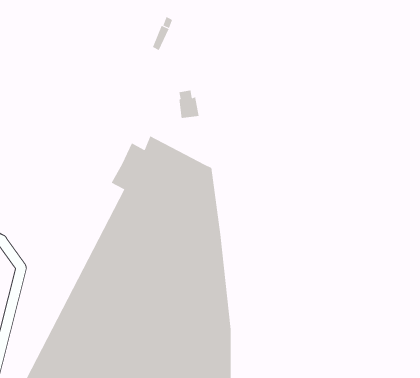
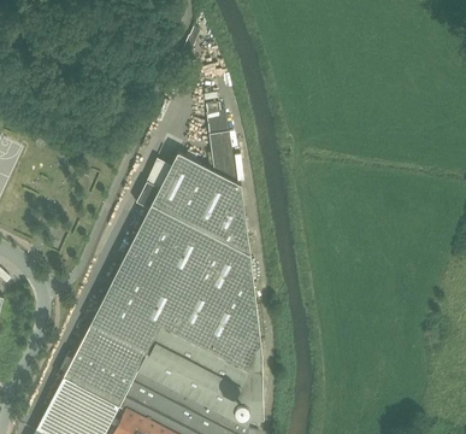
building: none -> [207,135,232,186]

